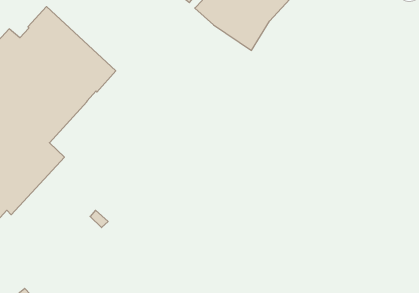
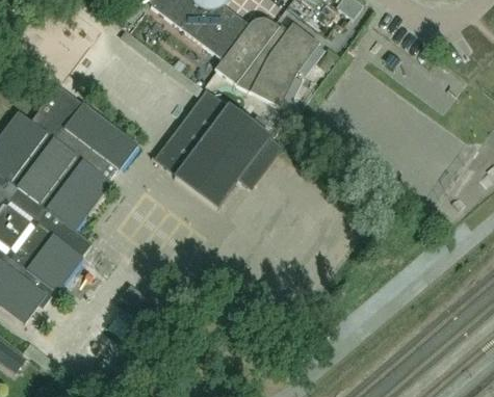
building: none -> [156,89,282,207]

